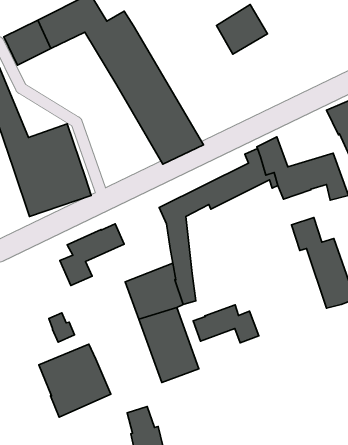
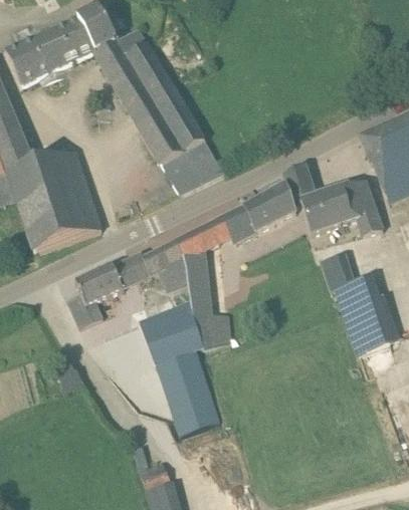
building: [217,5,267,54] -> none
building: none -> [128,241,188,291]
building: [193,305,259,343] -> none
building: [39,344,111,417] -> none

